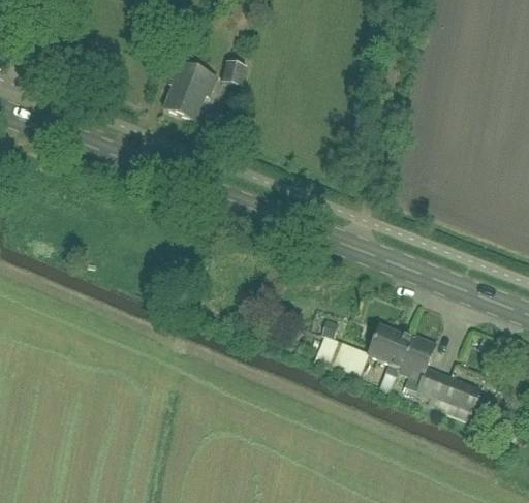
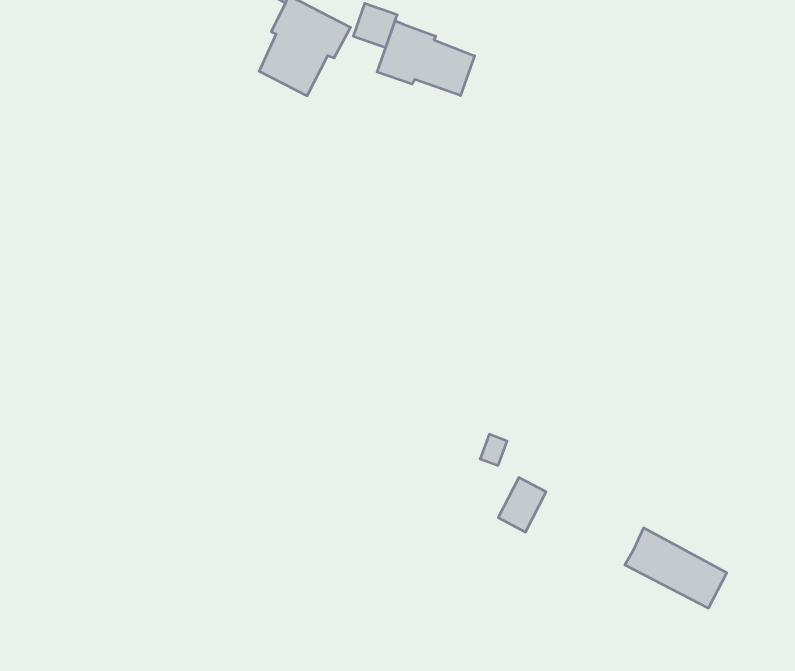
building: none -> [377,21,475,96]
building: [368,324,437,381] -> none

